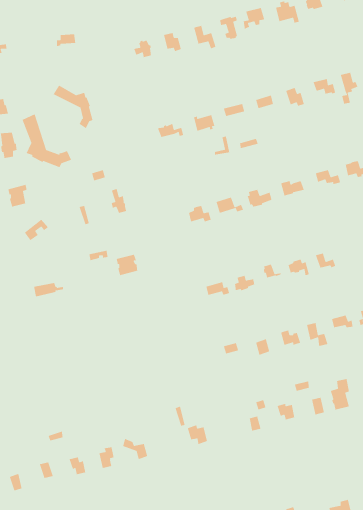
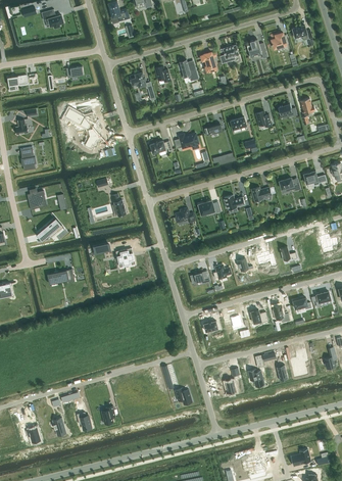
building: [22,113,72,168] -> none

